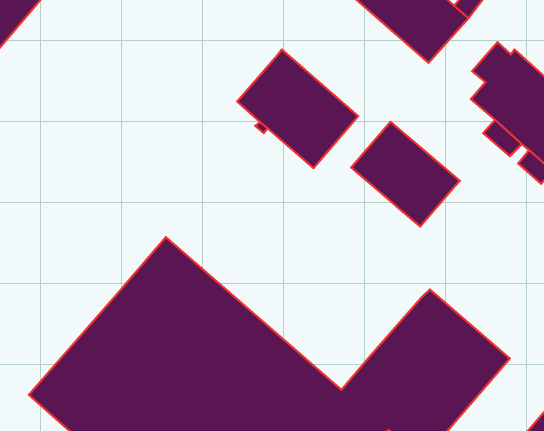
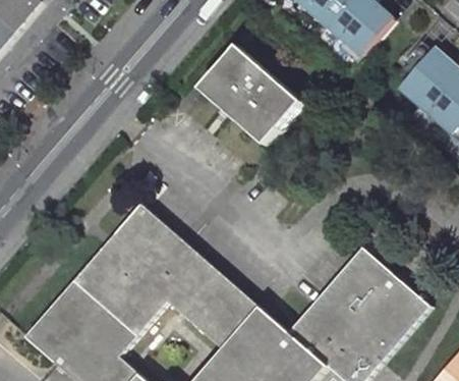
building: [351,122,460,226] -> none

